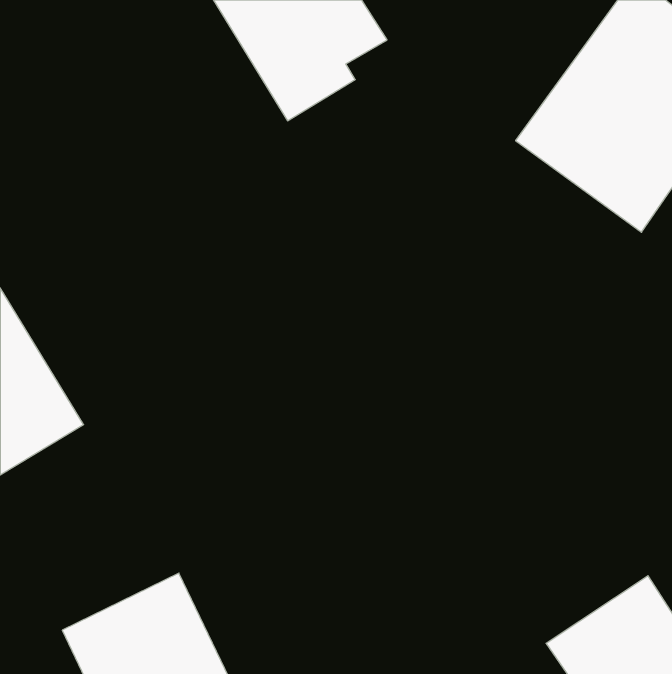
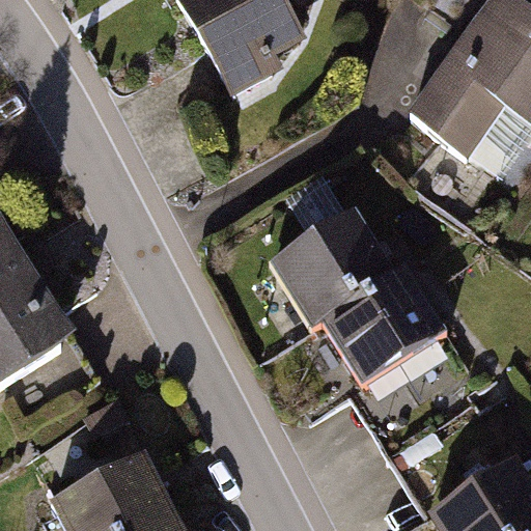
building: none -> [268,206,446,378]

